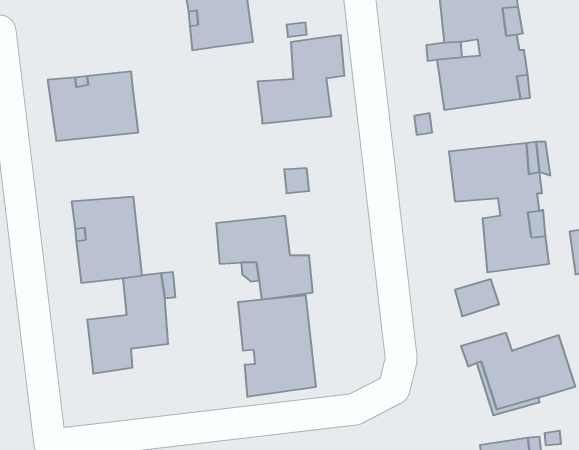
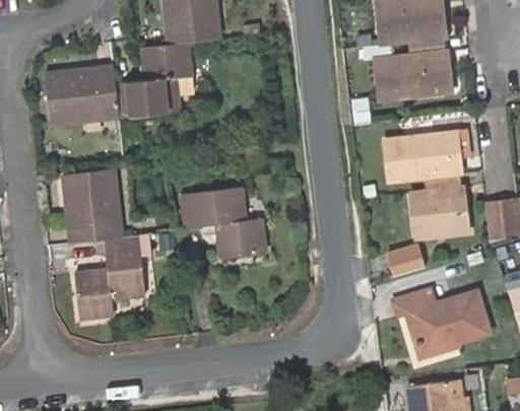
building: [257,35,345,123] -> [115,45,189,120]
building: [238,295,316,397] -> none

